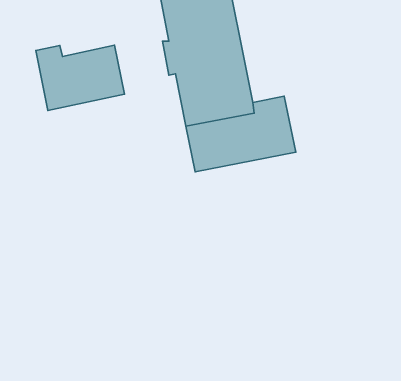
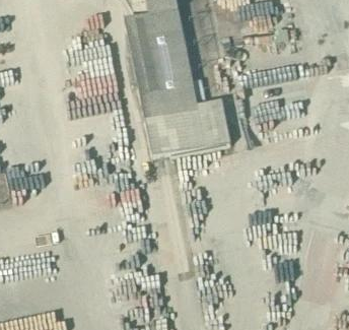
building: [36,45,124,111] -> none

